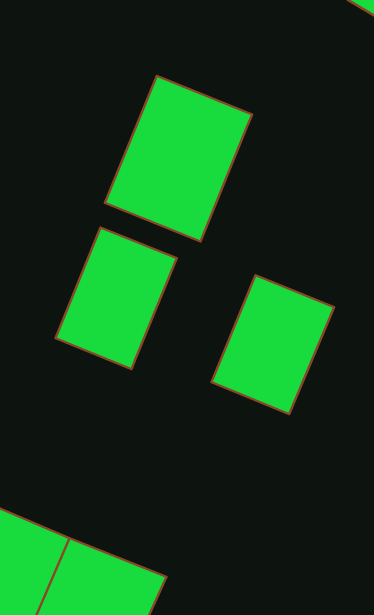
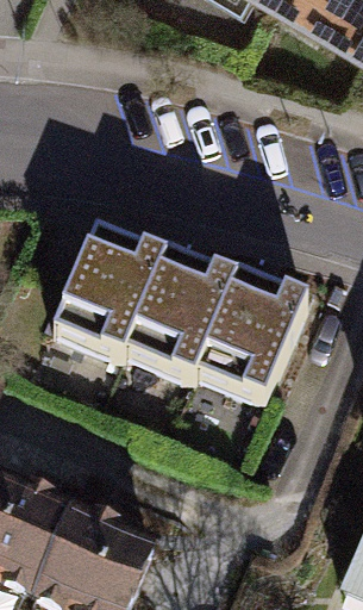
building: [105,76,252,242] -> none
building: none -> [126,247,234,374]

